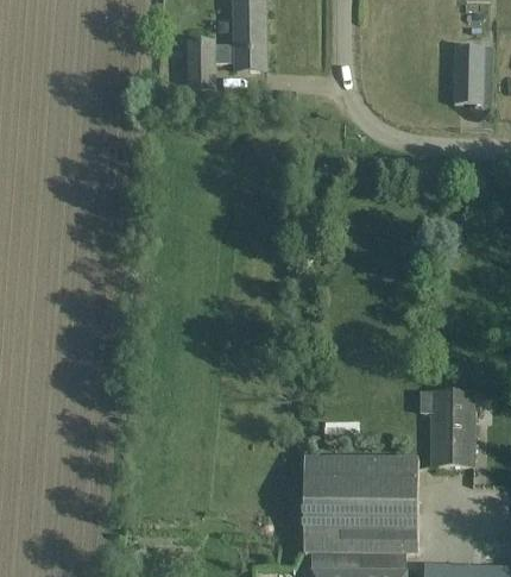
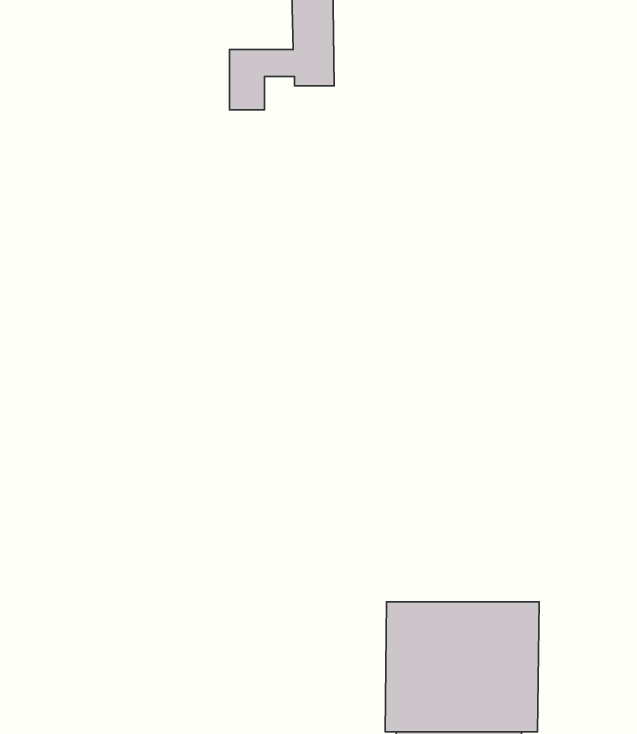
building: [453,45,484,104] -> none
building: [421,391,473,466] -> none

